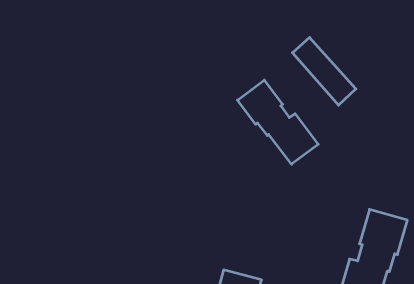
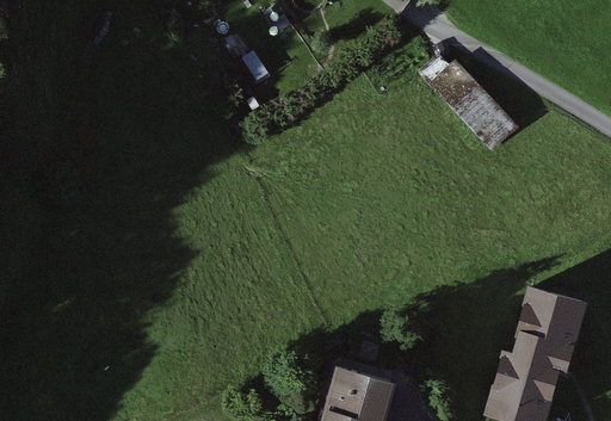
building: [237,80,318,164] -> none

